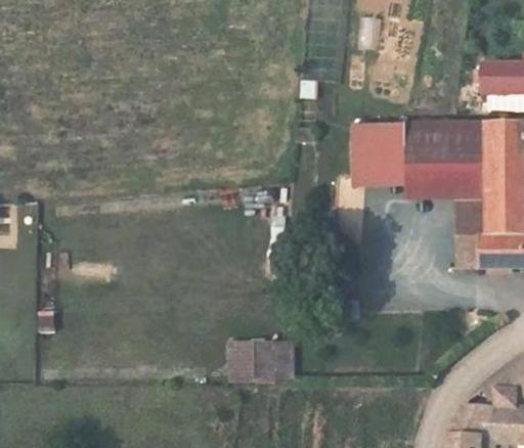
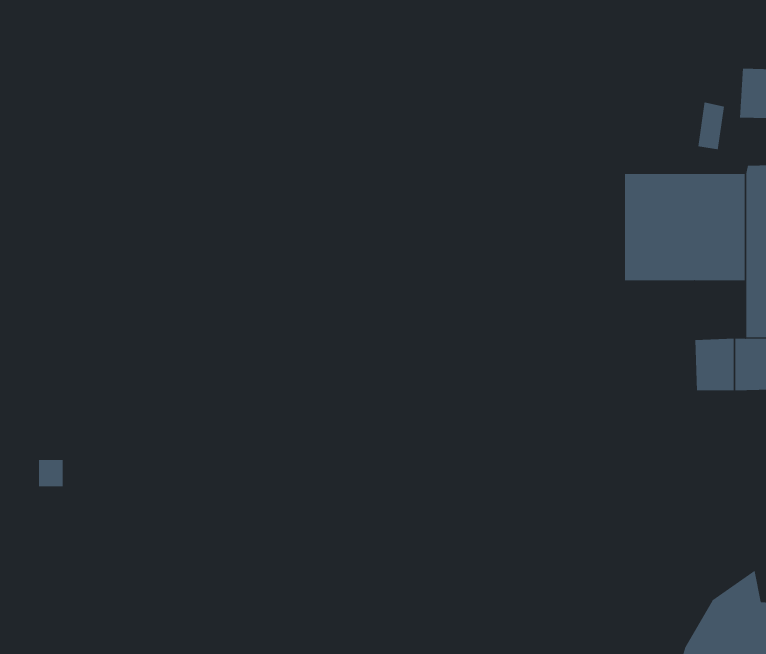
building: [354,124,407,184] -> none
building: [457,196,490,234] -> none
building: [231,342,292,377] -> none

